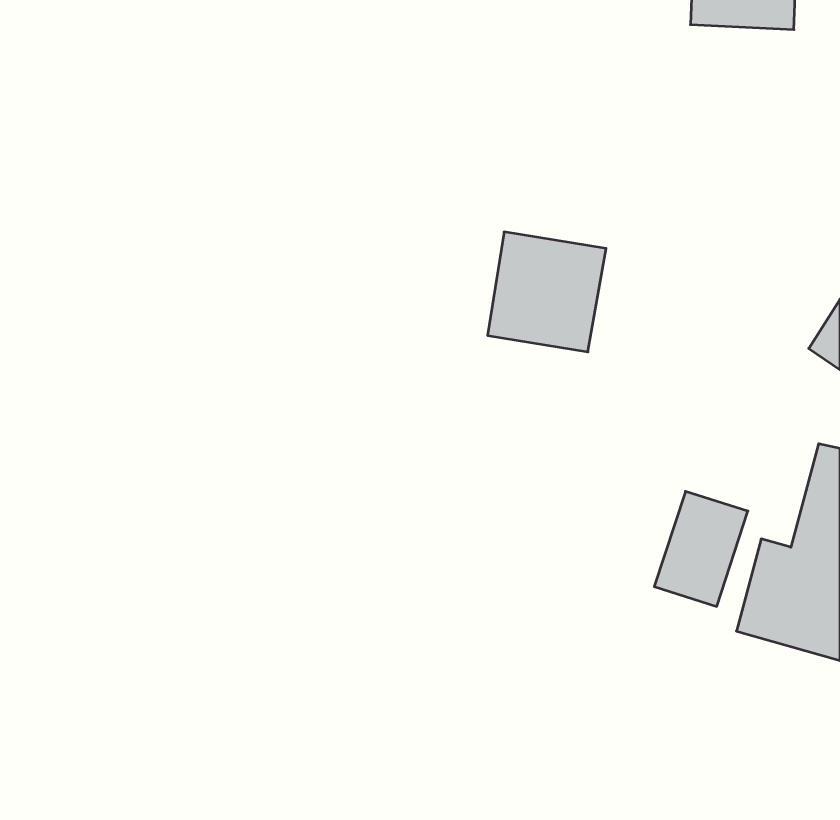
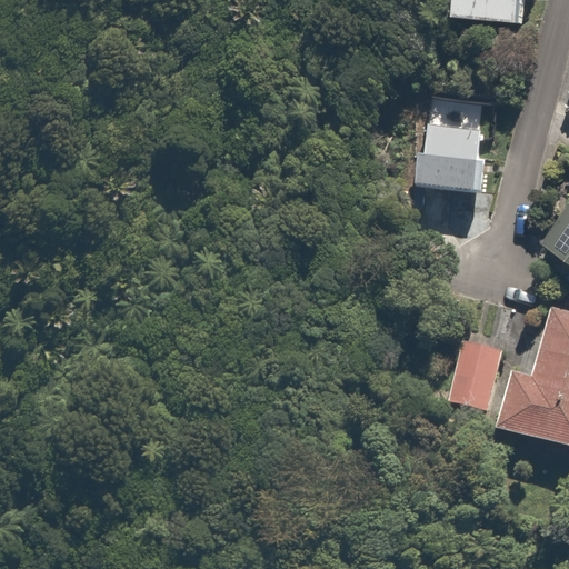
building: [488,232,606,352] -> [419,116,499,197]

